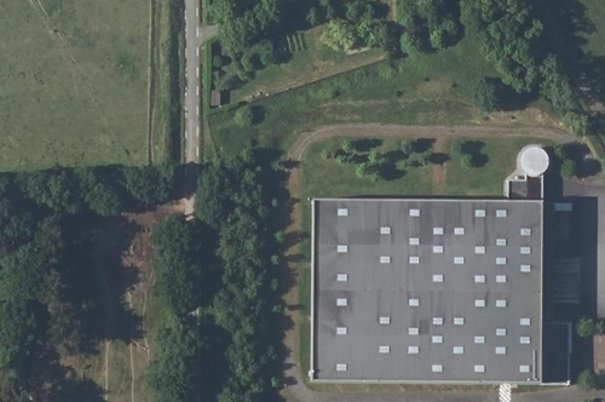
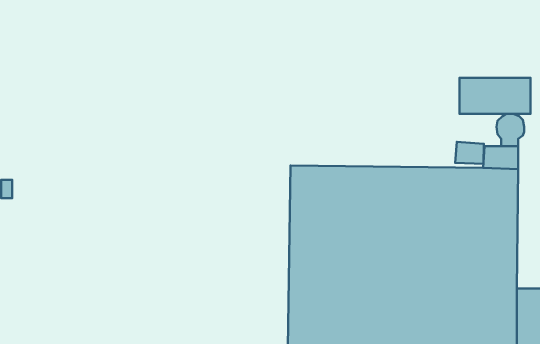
building: none -> [459,78,531,114]
building: none -> [455,142,484,164]

